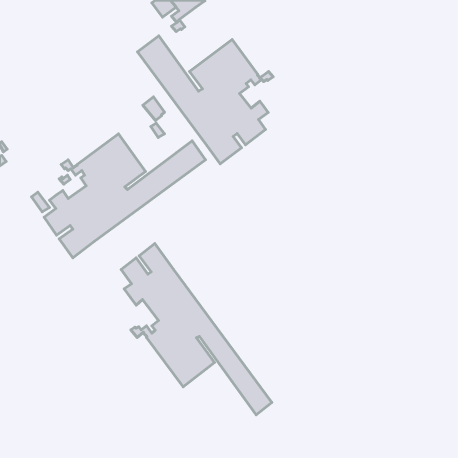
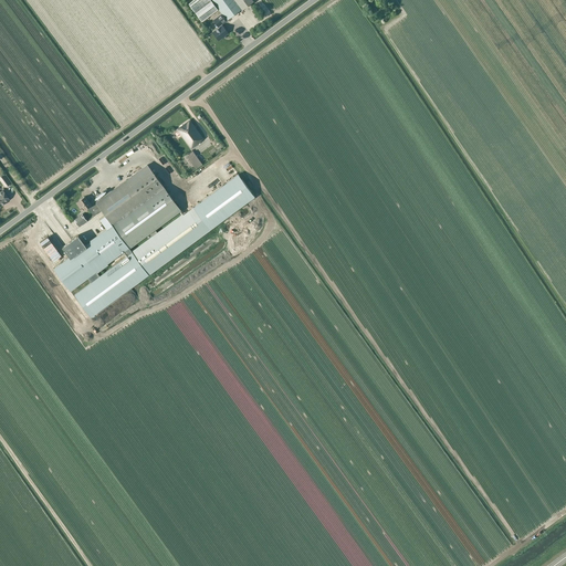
building: [138,36,273,164] -> none
building: [121,244,272,415] -> none

